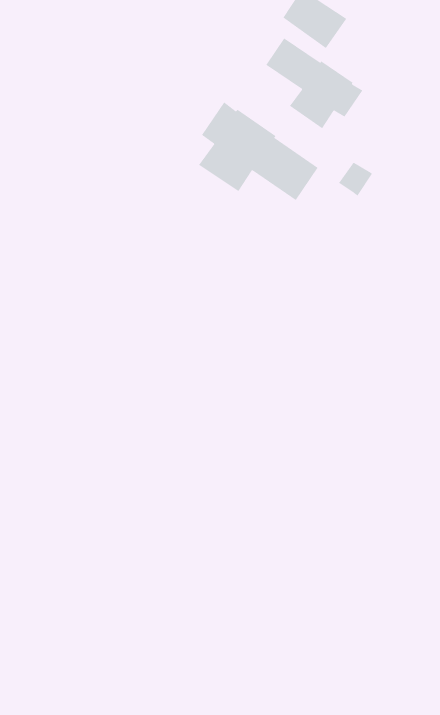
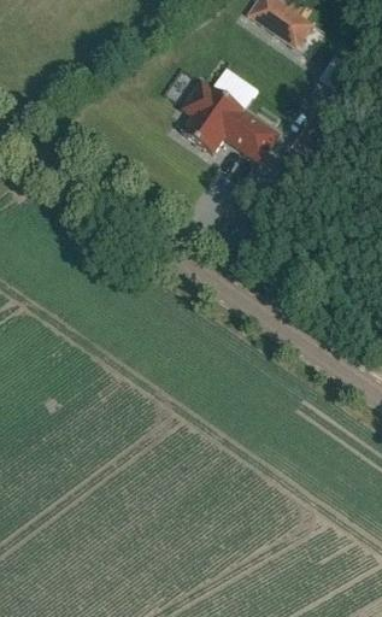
building: [265,38,363,129] -> none

